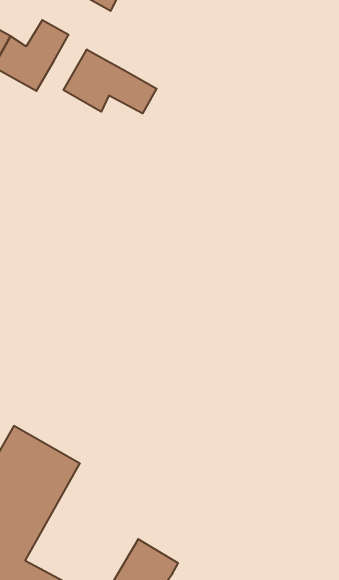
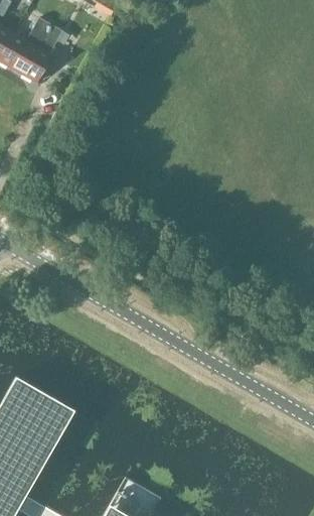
building: [63,49,157,113] -> none

